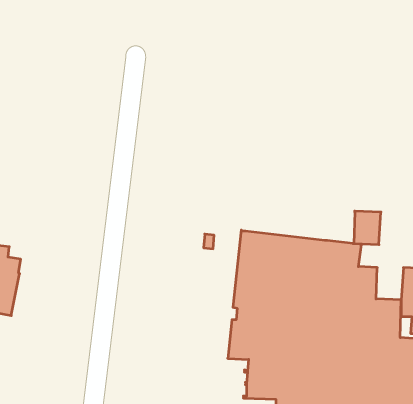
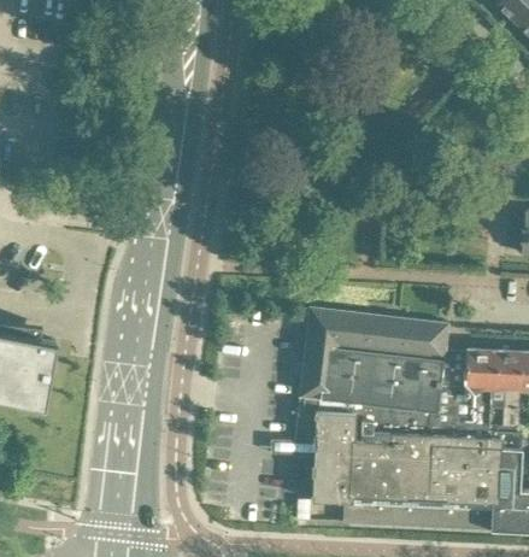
building: [354,211,381,245] -> [465,350,496,388]

